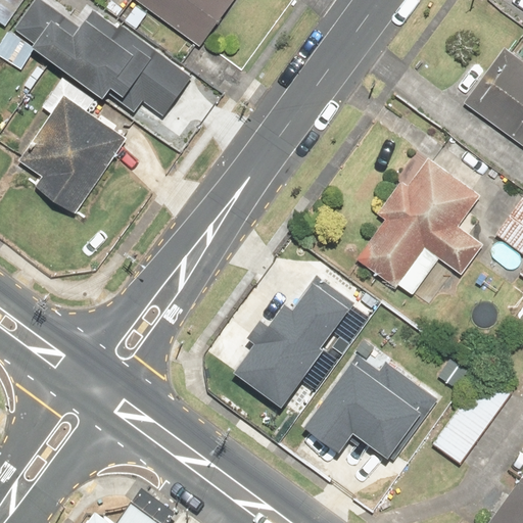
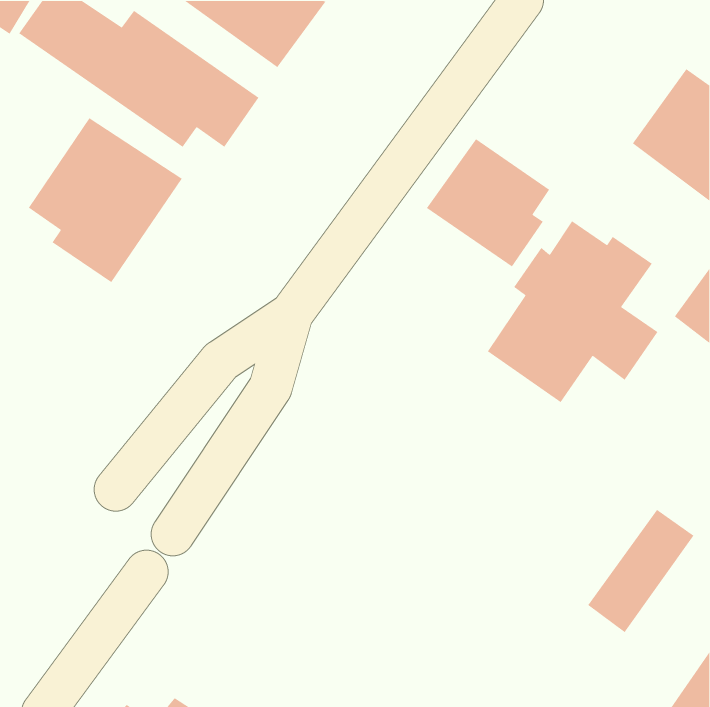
building: none -> [426,138,550,267]
building: [239,276,352,399] -> none
building: [305,349,436,454] -> none

